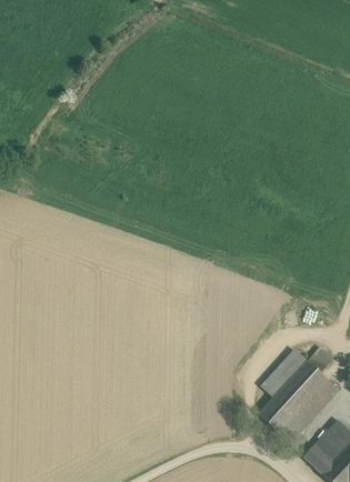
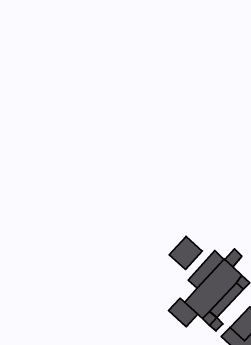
building: none -> [169,236,202,269]
building: none -> [169,298,198,327]

